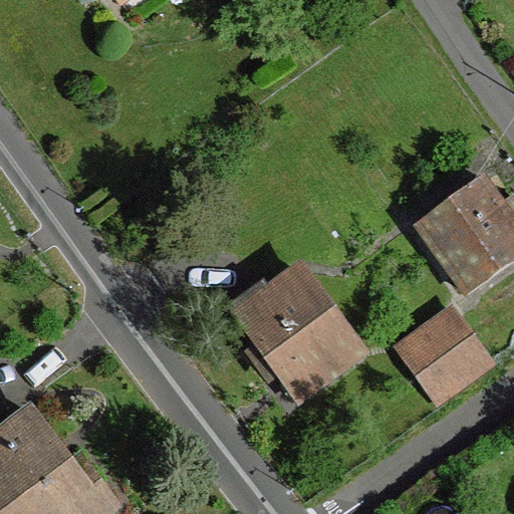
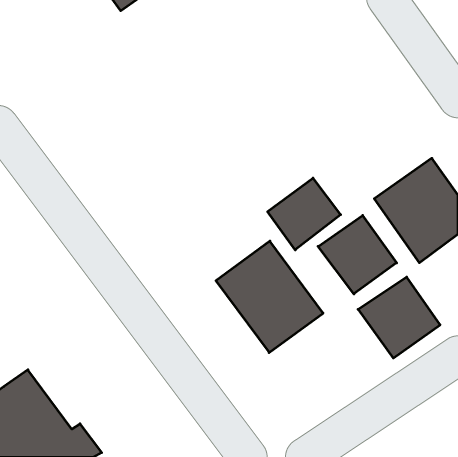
building: none -> [268,178,341,250]
building: none -> [318,215,397,294]

